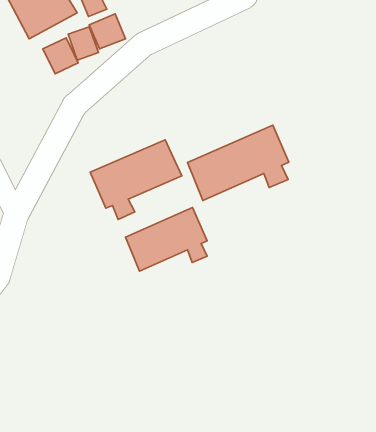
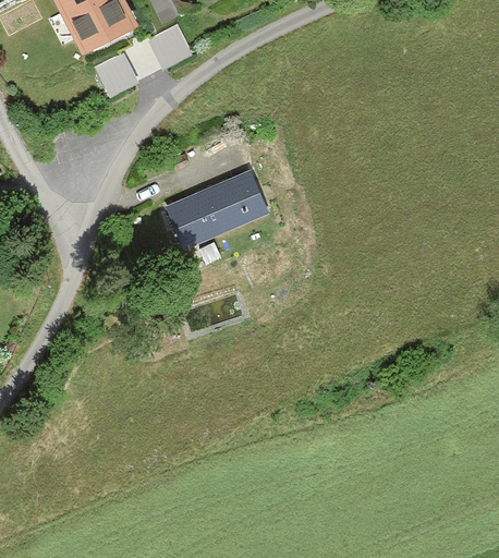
building: [188,125,289,200] -> none
building: [126,208,207,271] -> none

